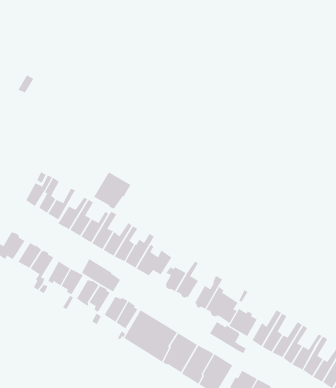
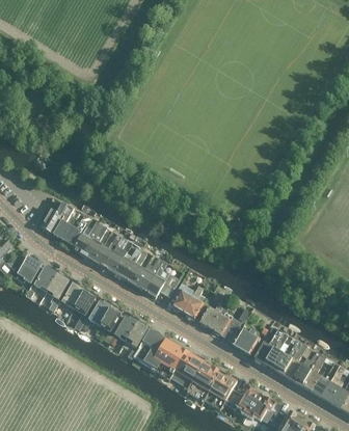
building: [93,172,131,210] -> none
building: [81,258,121,292] -> none
building: [209,321,246,354] -> none

